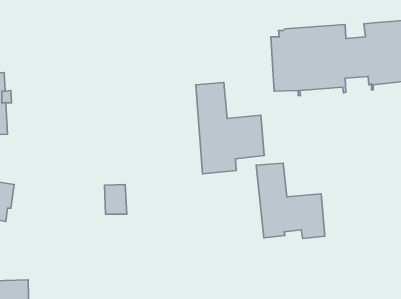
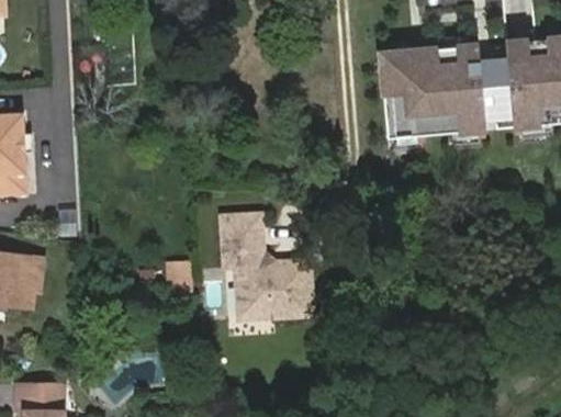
building: [196,82,264,174] -> [223,214,314,336]
building: [256,163,325,239] -> none

